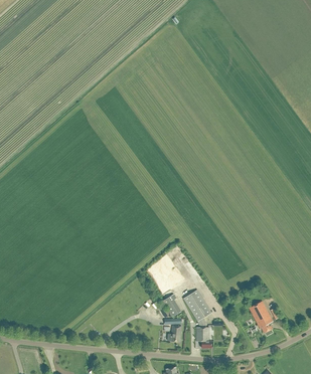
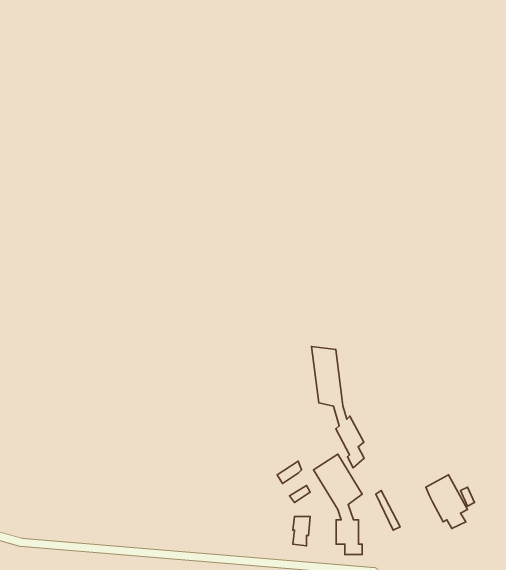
building: none -> [312,347,364,468]

